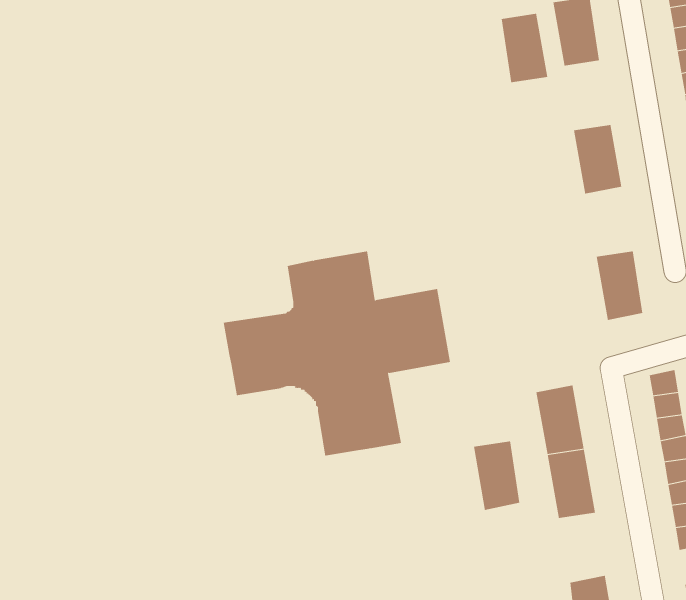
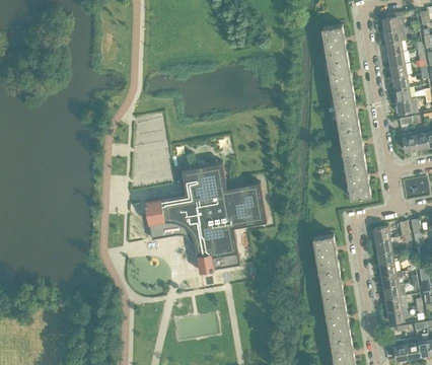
building: [501,13,548,83] -> [327,60,352,97]
building: none -> [338,128,364,165]
building: [473,441,520,510] -> [323,303,349,341]

